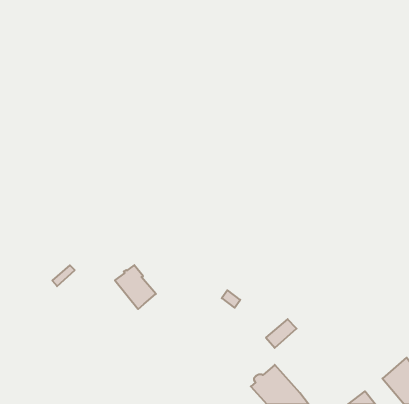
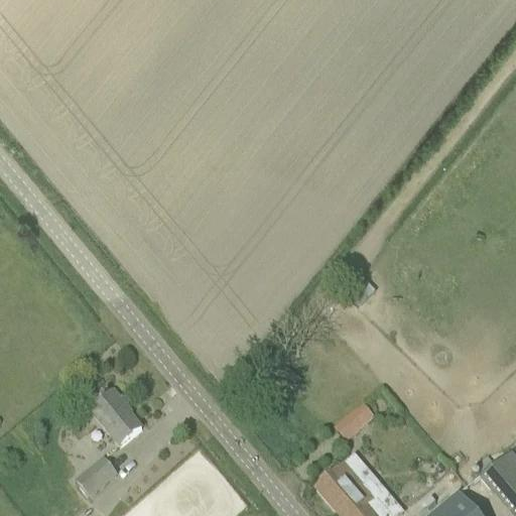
building: [115,265,156,309] -> [91,389,142,444]
building: none -> [76,456,116,495]

